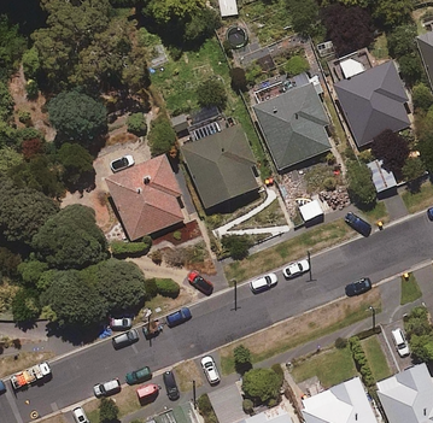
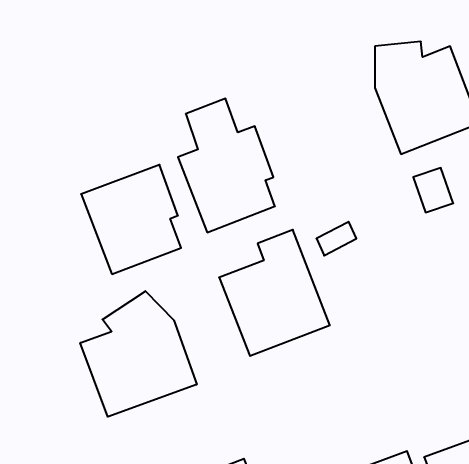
building: [252,70,339,169] -> [219,230,330,356]
building: none -> [80,291,197,417]

